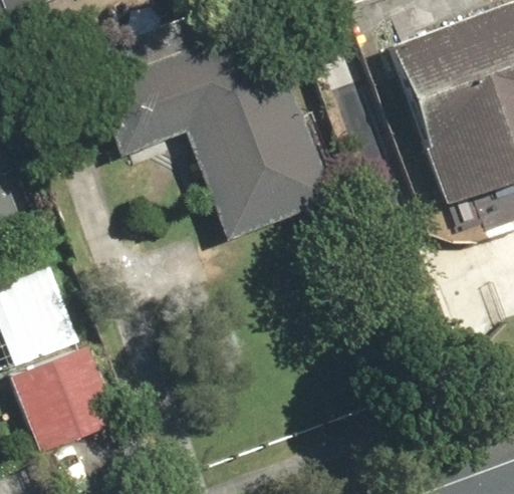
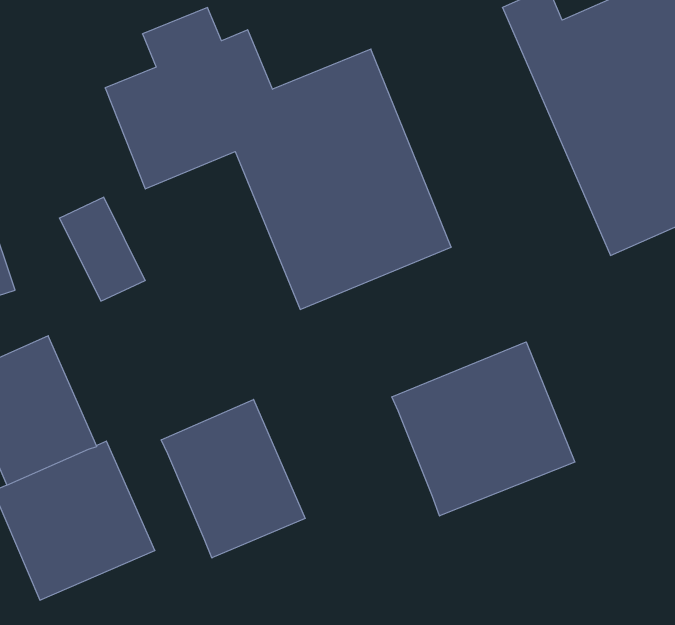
building: none -> [392,342,575,516]
building: none -> [161,399,305,558]

